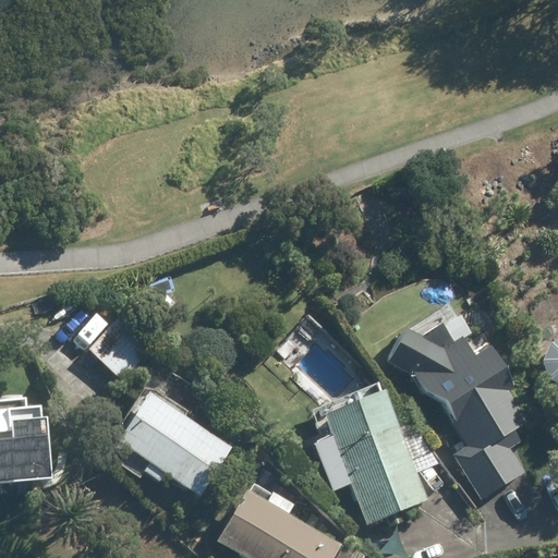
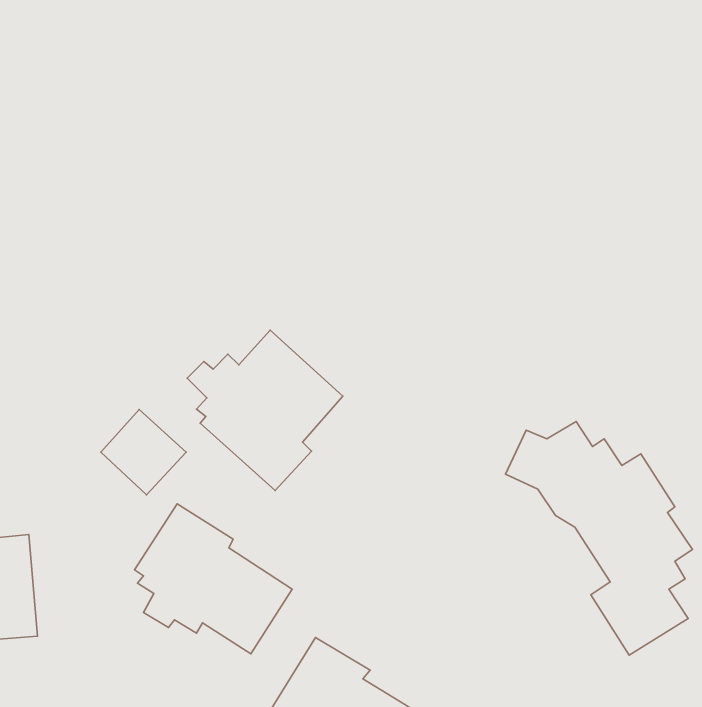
building: none -> [187,330,343,491]
building: [313,392,424,522] -> none

